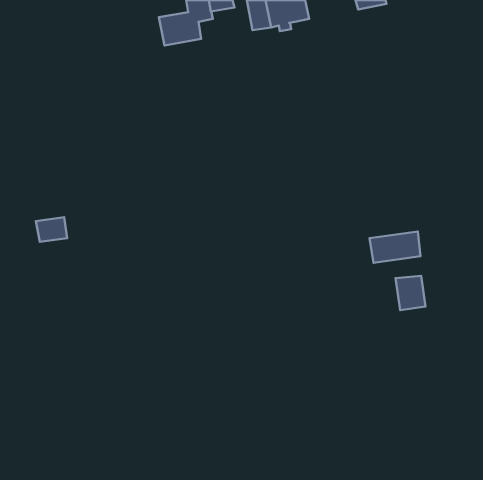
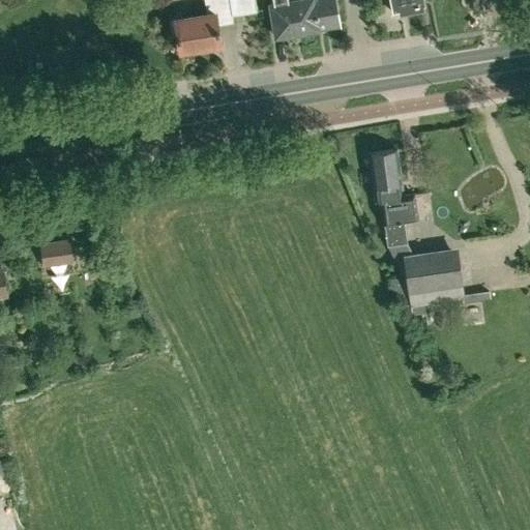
building: none -> [370,151,416,243]
building: [396,276,426,310] -> none

